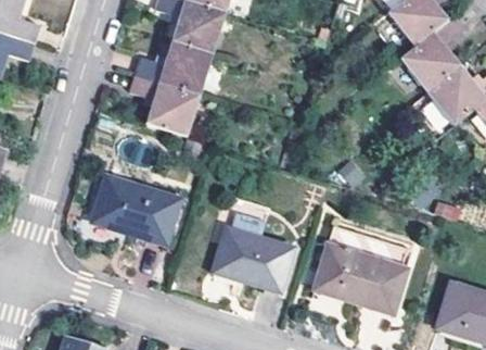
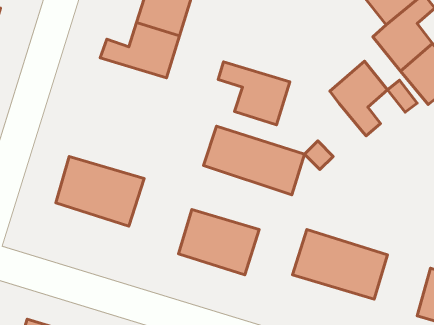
building: [129,76,200,138] -> [218,62,290,125]
building: none -> [330,61,387,136]
building: none -> [203,126,304,195]

